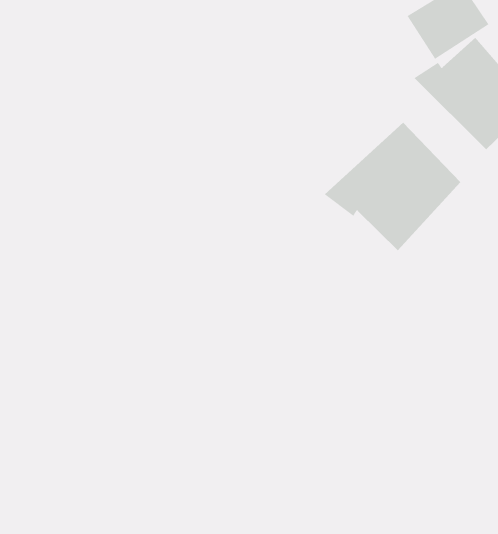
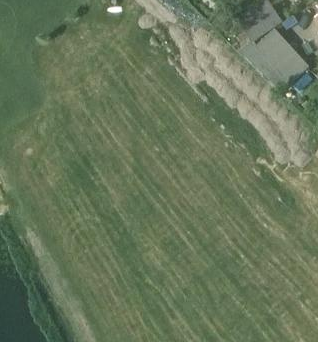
building: [324,122,461,251] -> none

